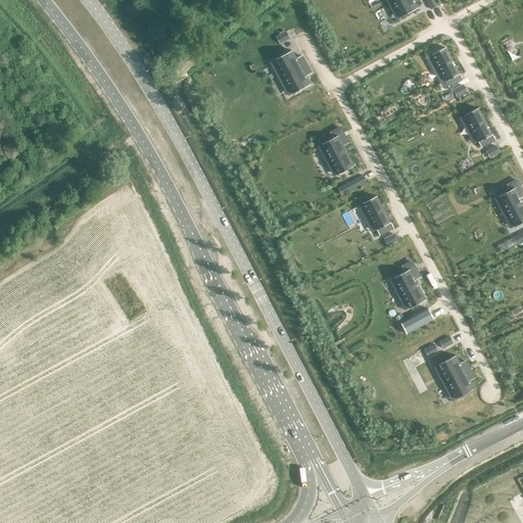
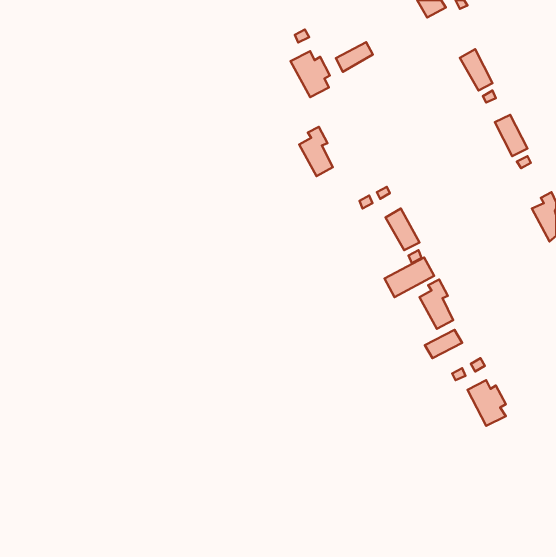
building: none -> [336,42,373,72]
building: [320,127,351,173] -> [299,127,333,176]
building: none -> [384,257,434,297]

